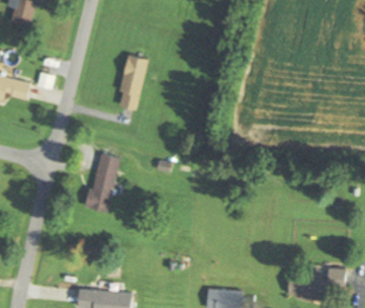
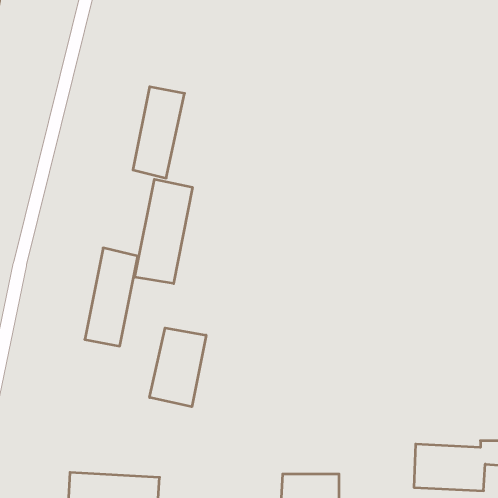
building: none -> [135,179,192,284]
building: none -> [150,328,206,407]

